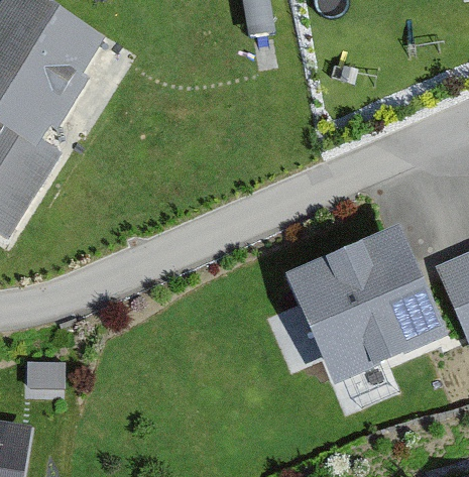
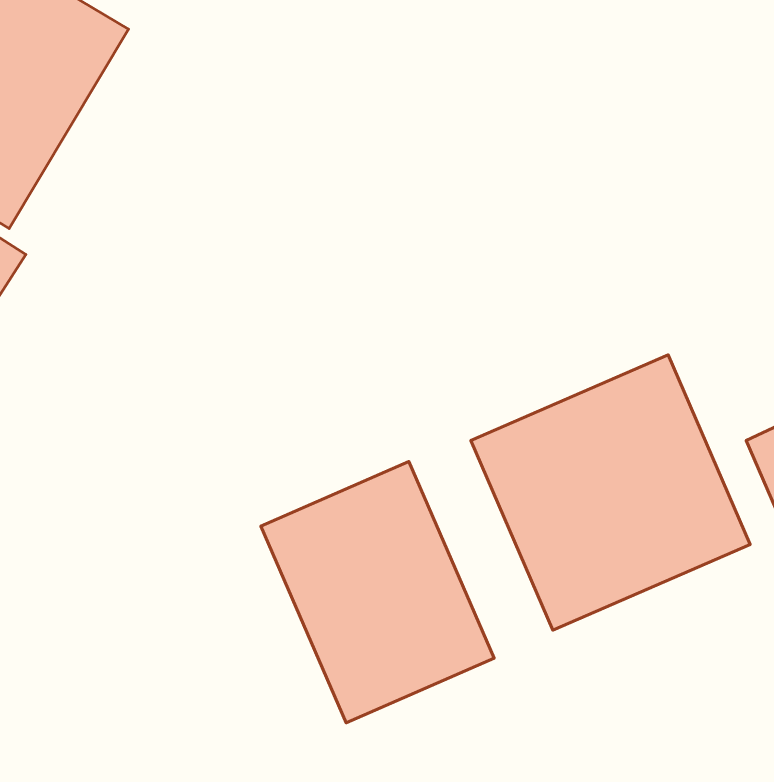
building: none -> [261,462,494,723]

